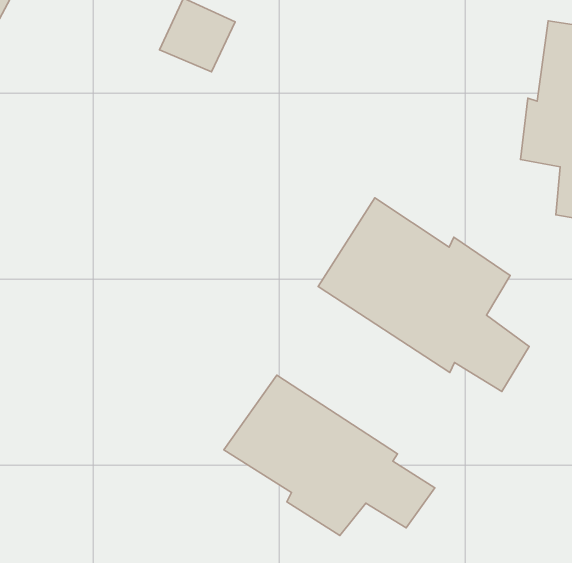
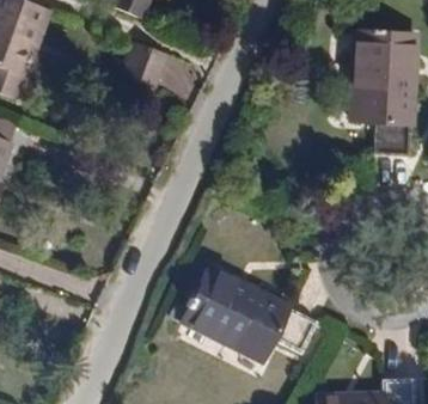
building: [318,198,529,392] -> none

